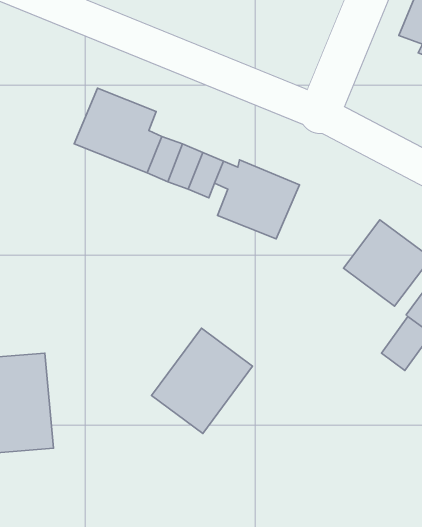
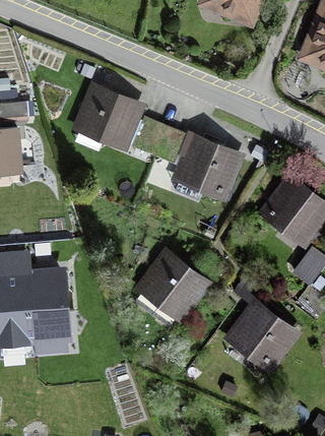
building: none -> [234,304,295,364]

